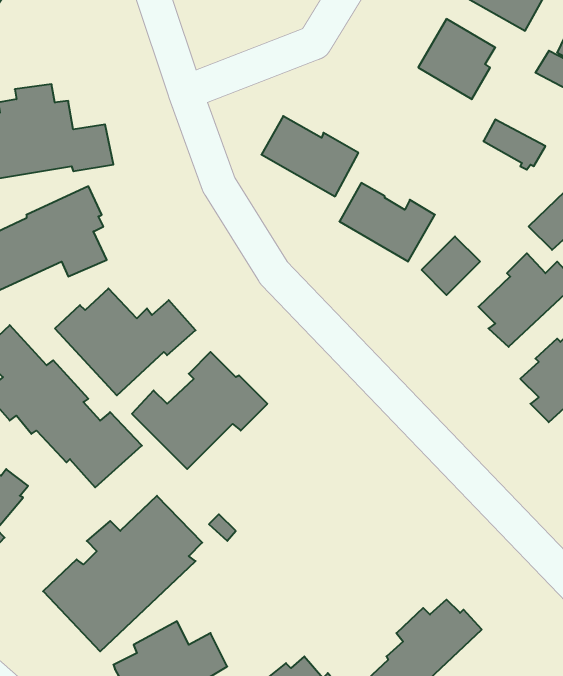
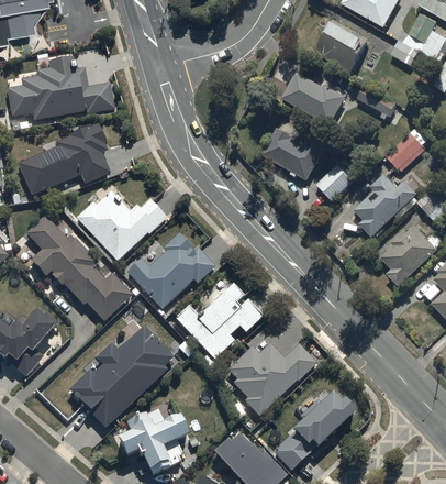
building: [261,116,358,196] -> [282,66,346,119]
building: none -> [176,284,261,365]
building: none -> [228,343,317,417]

